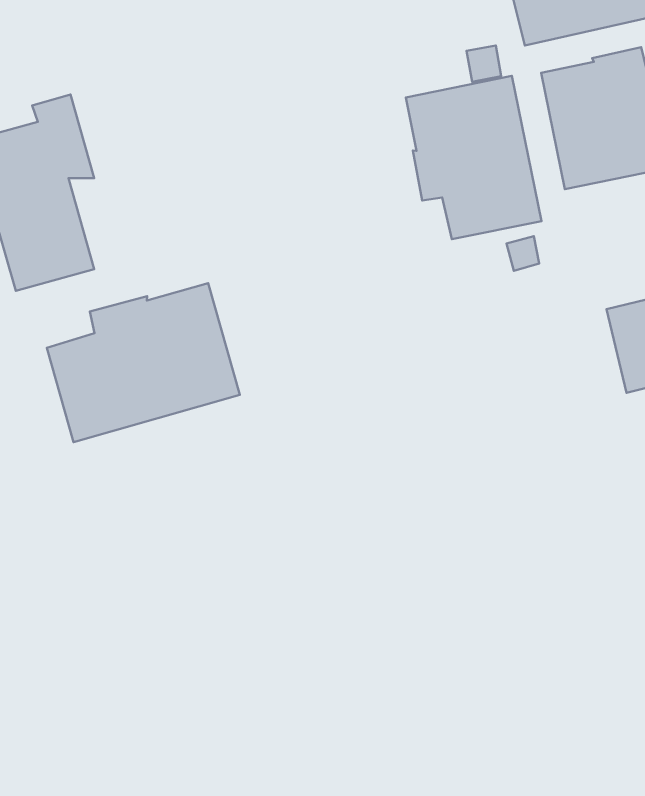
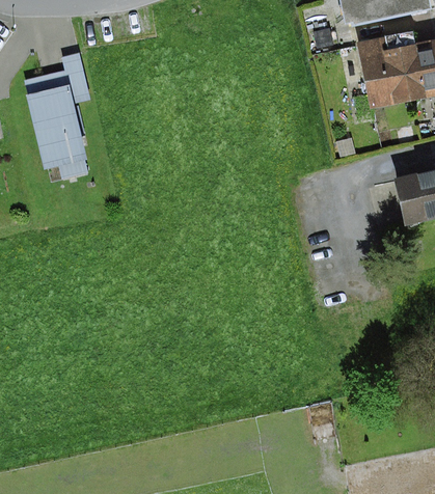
building: [406,76,541,239] -> none
building: [47,283,240,442] -> none

